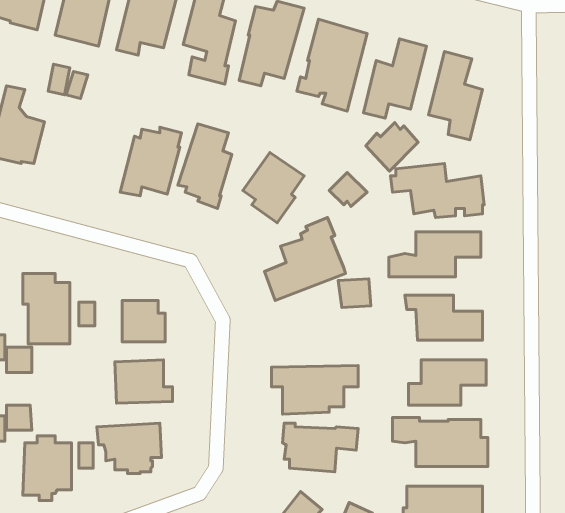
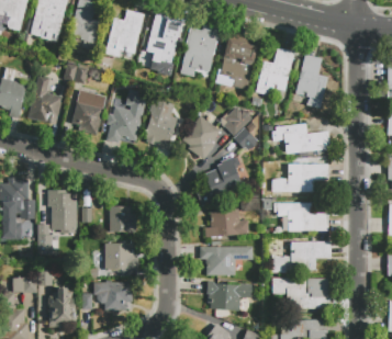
building: none -> [71,90,105,135]
building: [366,122,418,171] -> [220,106,251,136]
building: none -> [205,208,249,237]

